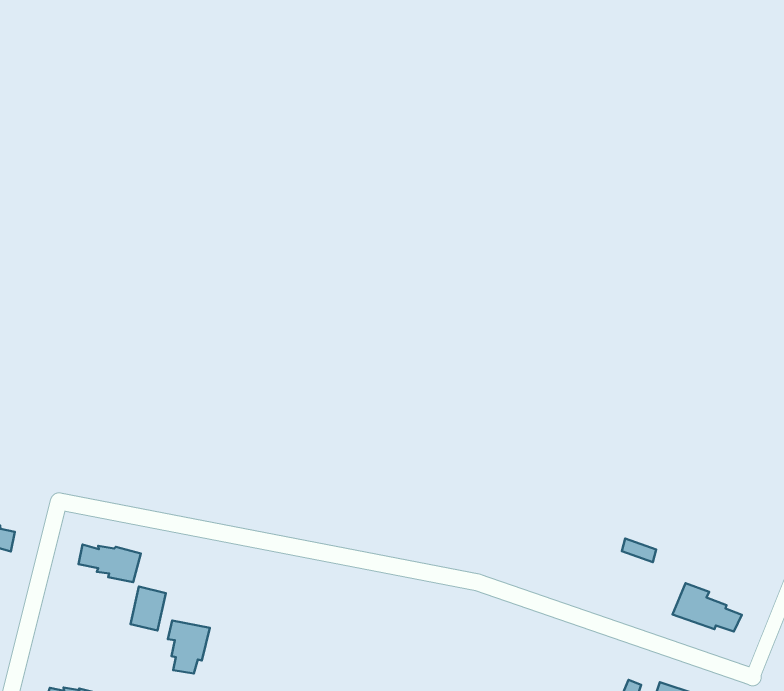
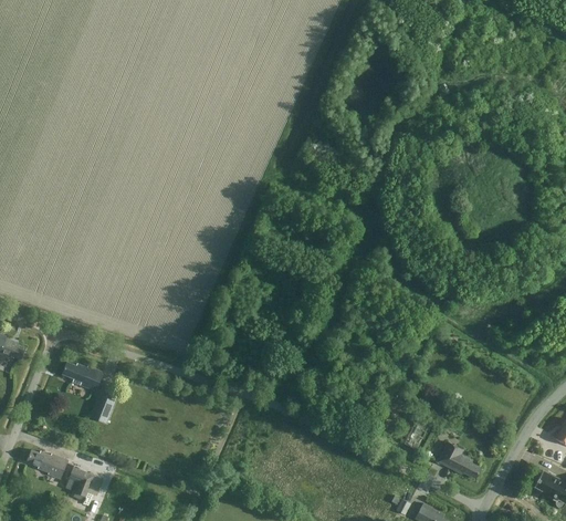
building: [168,620,210,674] -> none

